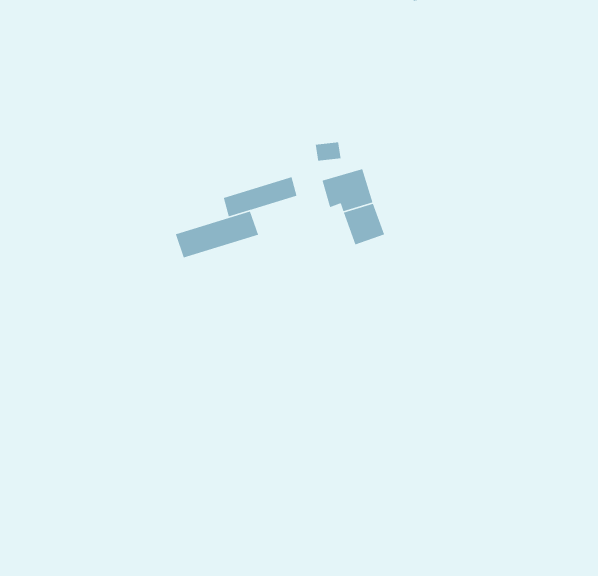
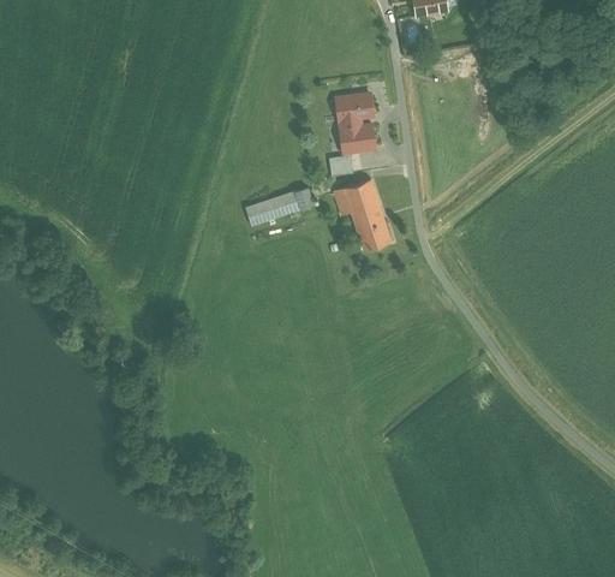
building: none -> [335,93,376,153]
building: [175,211,259,258] -> none

